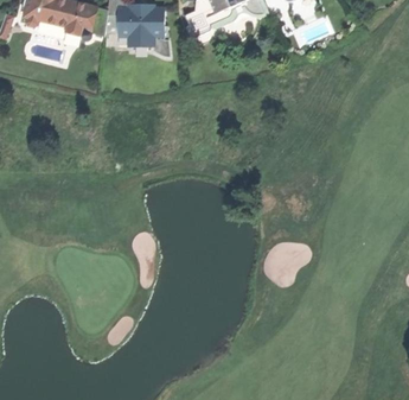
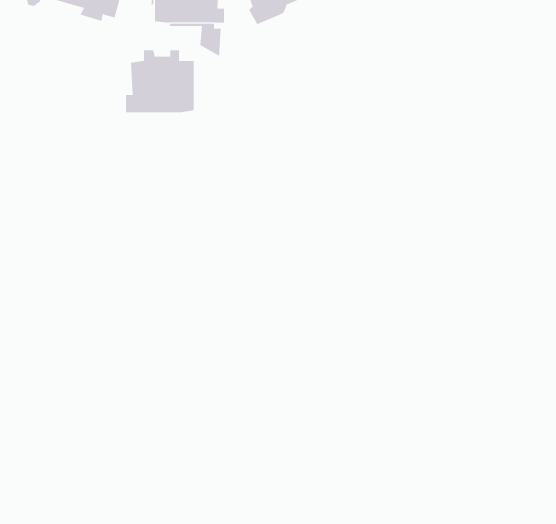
building: none -> [126,50,194,113]

